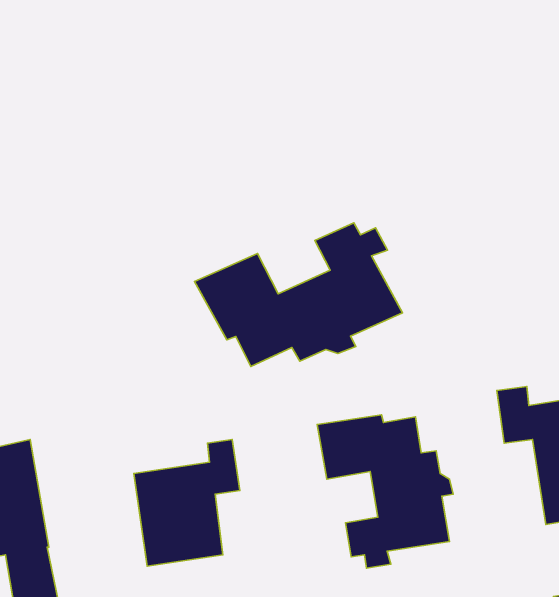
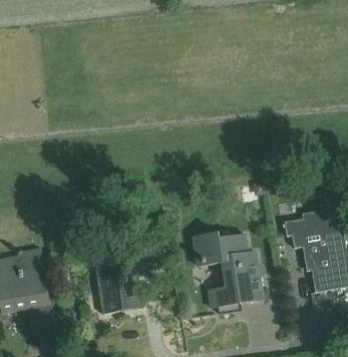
building: [195,223,402,366] -> none

